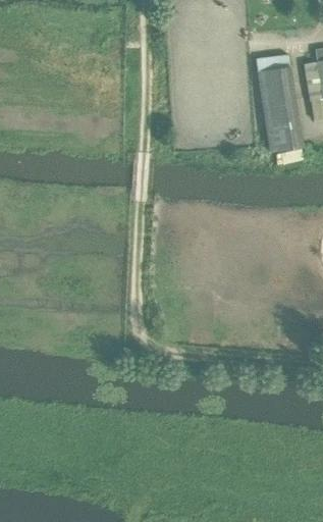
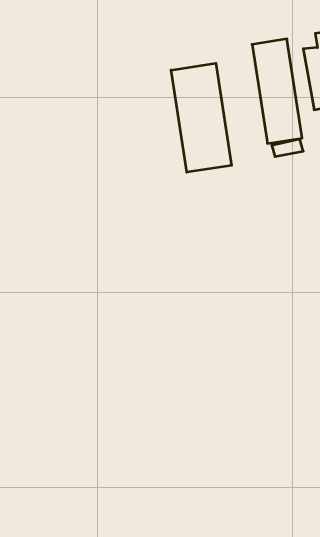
building: none -> [171,63,232,172]

